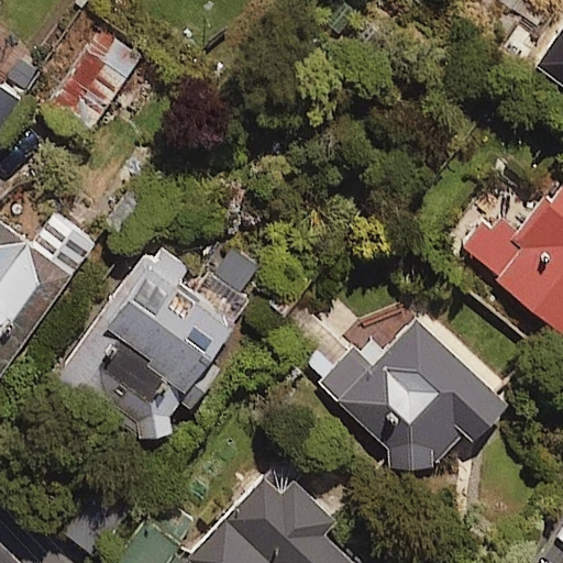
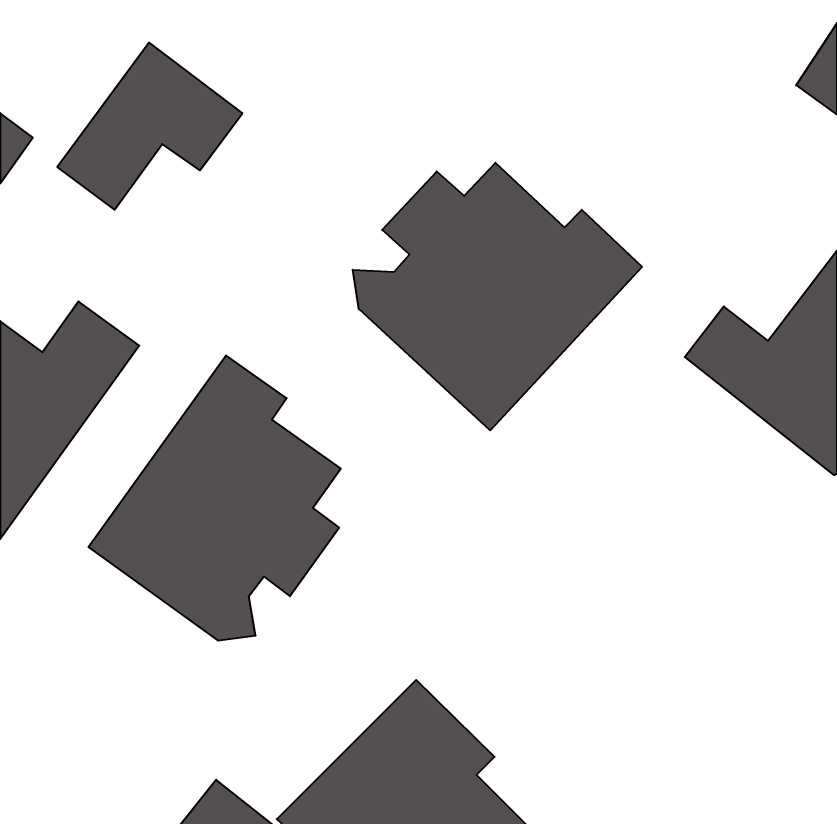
building: none -> [353,163,642,430]
building: [317,317,503,485] -> none

